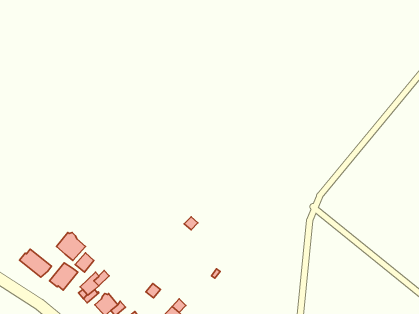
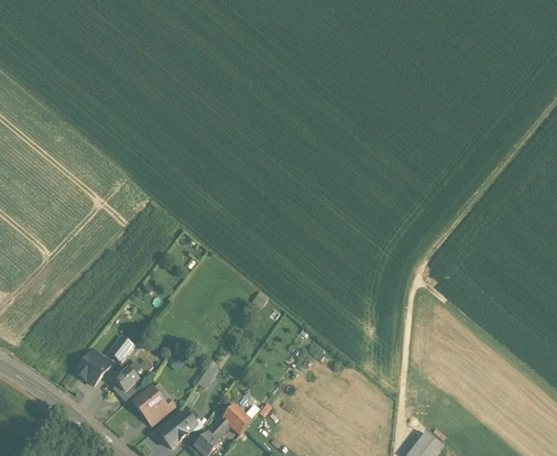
building: [56,232,86,261] -> none
building: [19,249,52,277] -> none

